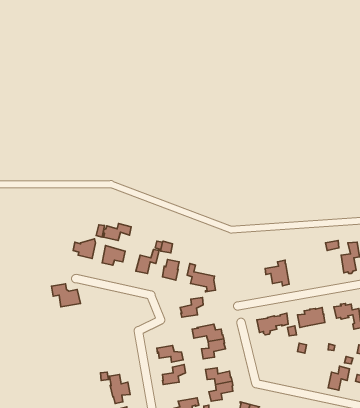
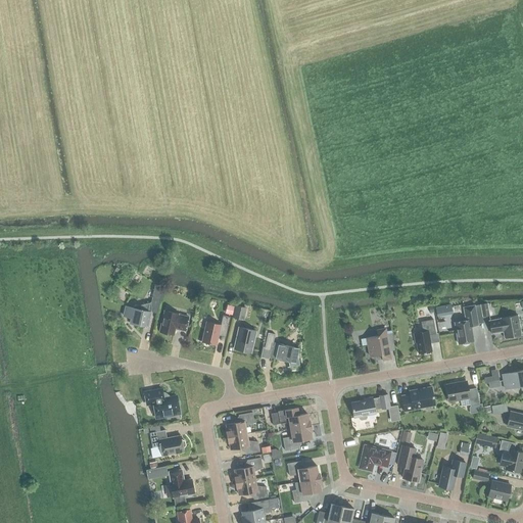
building: [103,224,131,241] -> none
building: none -> [413,319,435,352]
building: [52,284,81,307] -> [144,388,180,417]
building: [180,297,203,317] -> [225,412,253,436]
building: none -> [149,429,185,456]
building: none -> [397,444,422,481]
building: none -> [361,445,390,469]
building: none -> [235,478,268,498]

